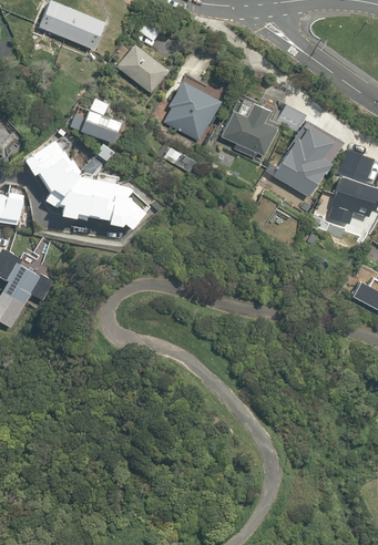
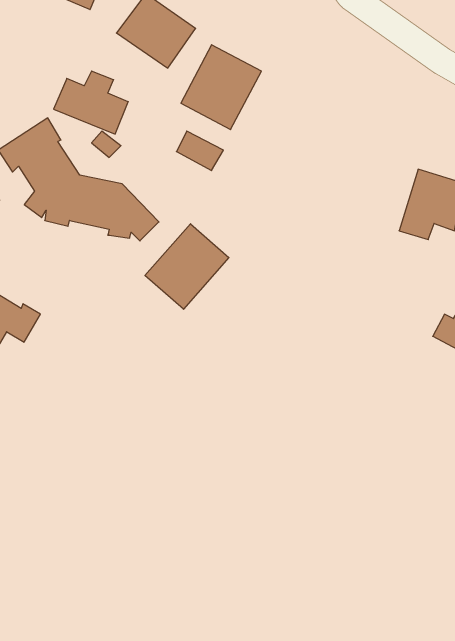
building: [221,95,284,158] -> none
building: [274,122,341,197] -> none
building: none -> [145,224,229,309]

